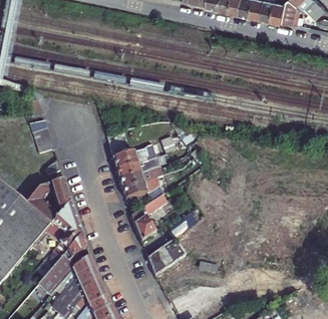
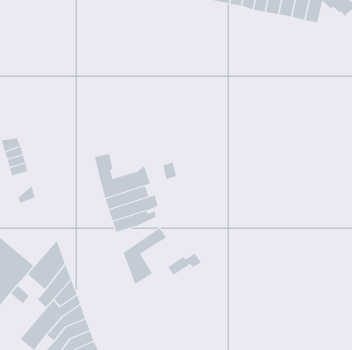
building: [29,181,72,226] -> none
building: [143,239,181,276] -> none

